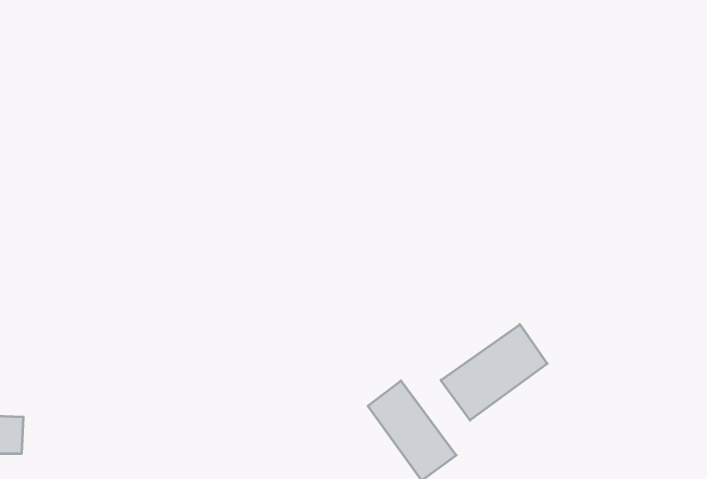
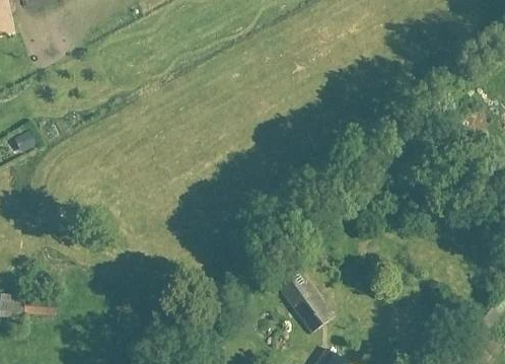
building: [441,324,547,420] -> none

